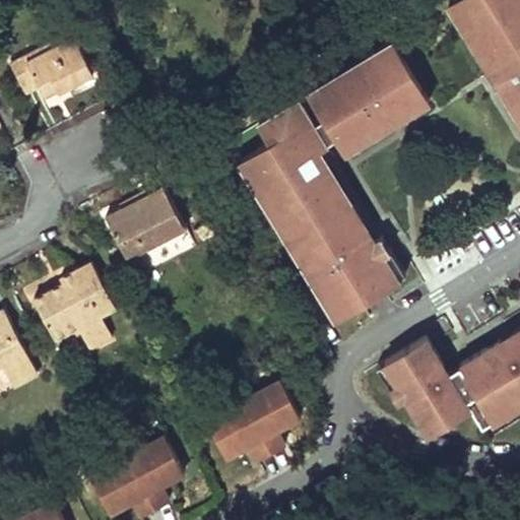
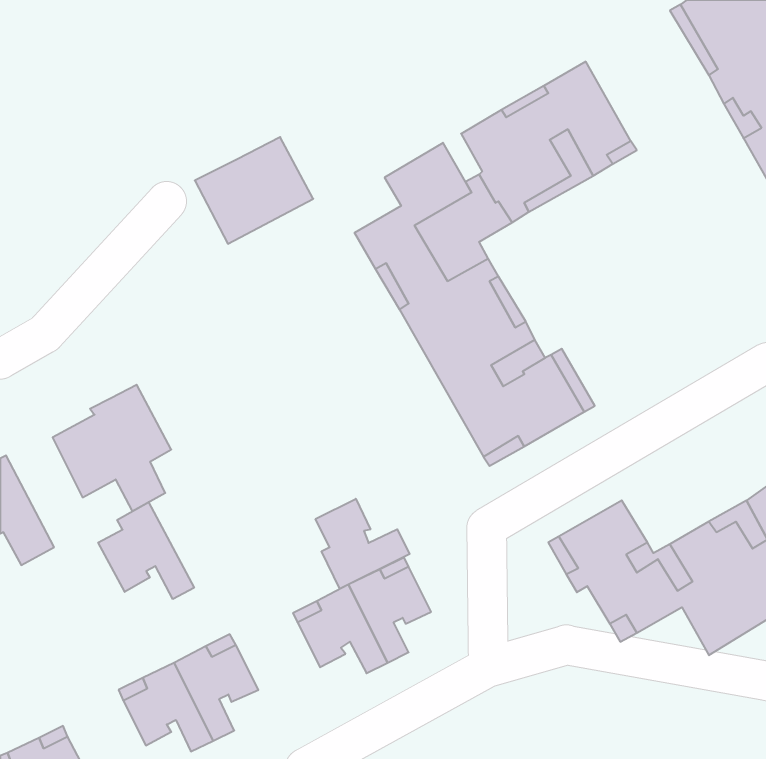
building: [12,35,94,101] -> none
building: [107,189,187,261] -> [195,137,313,244]
building: none -> [316,499,410,589]
building: none -> [98,502,194,599]

